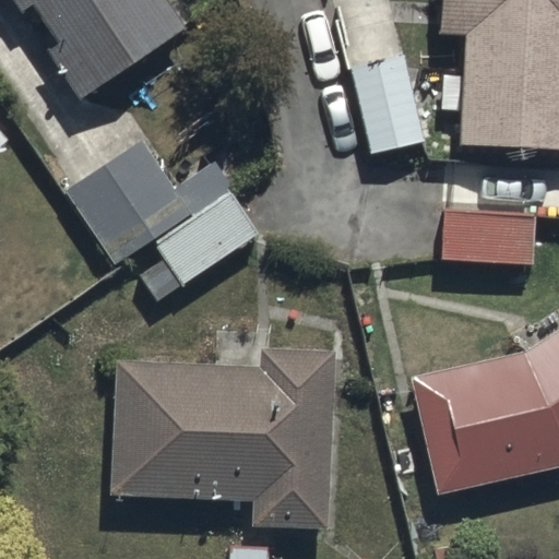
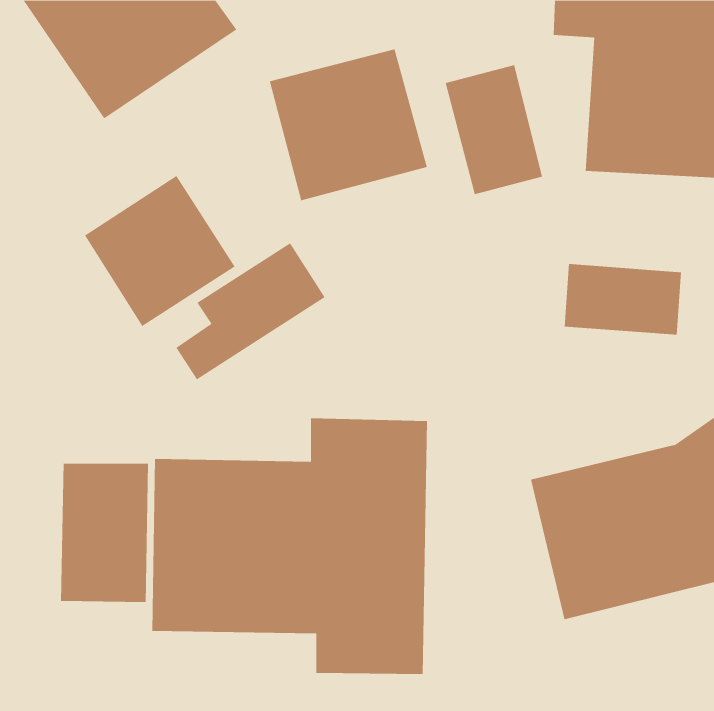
building: none -> [269,48,427,201]
building: none -> [61,463,148,603]

